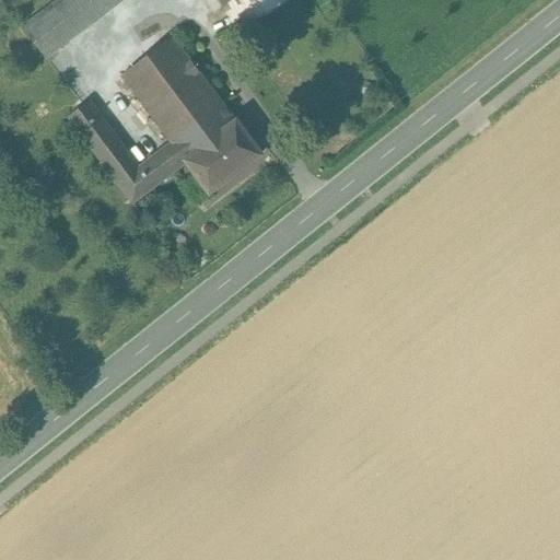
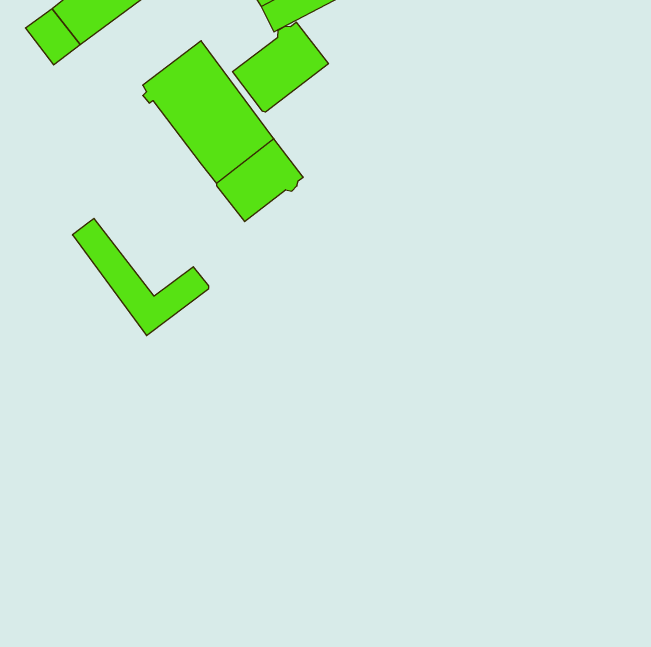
building: none -> [233,22,328,112]
building: [69,100,186,200] -> [72,218,209,336]

